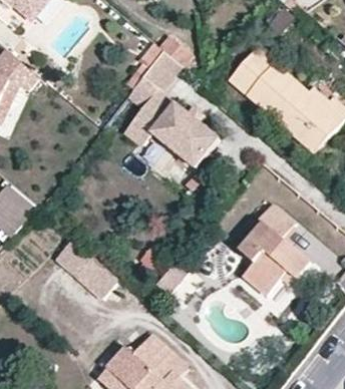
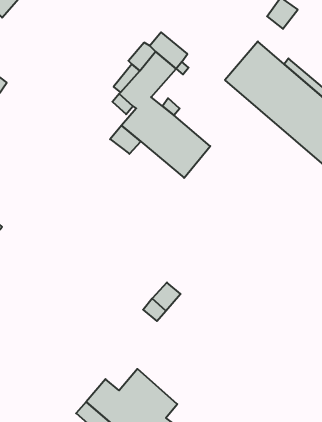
building: [239,204,309,294] -> none
building: [53,238,113,295] -> none

